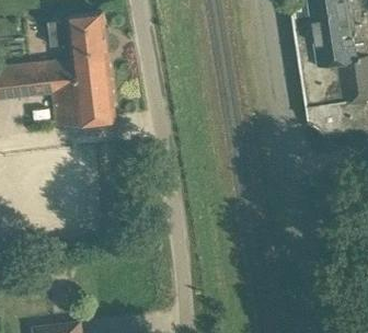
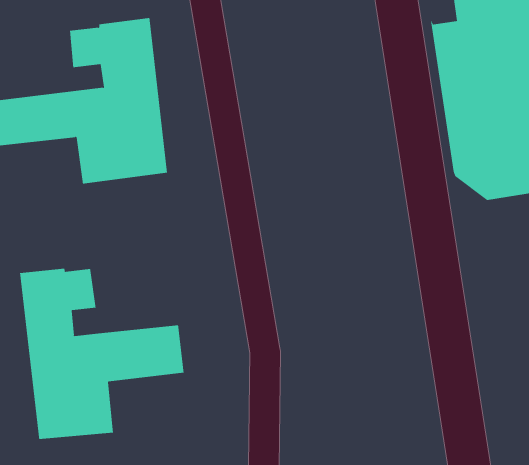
building: none -> [20,268,184,440]

